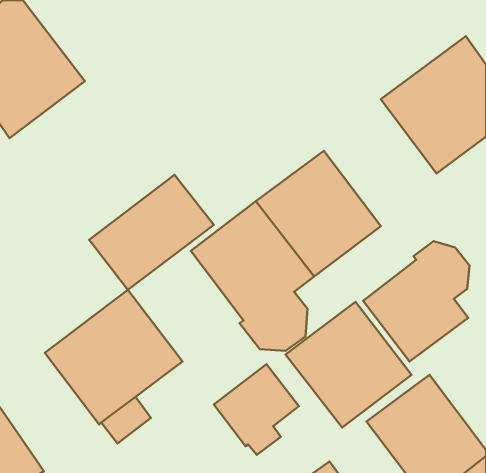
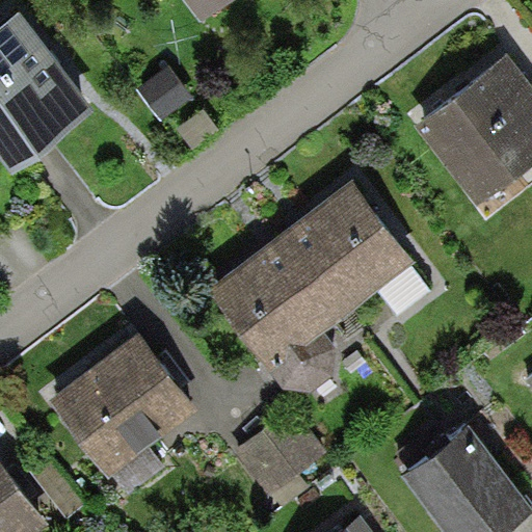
building: [89,175,214,290] -> none
building: [363,241,470,362] -> none
building: [285,302,412,428] -> none

